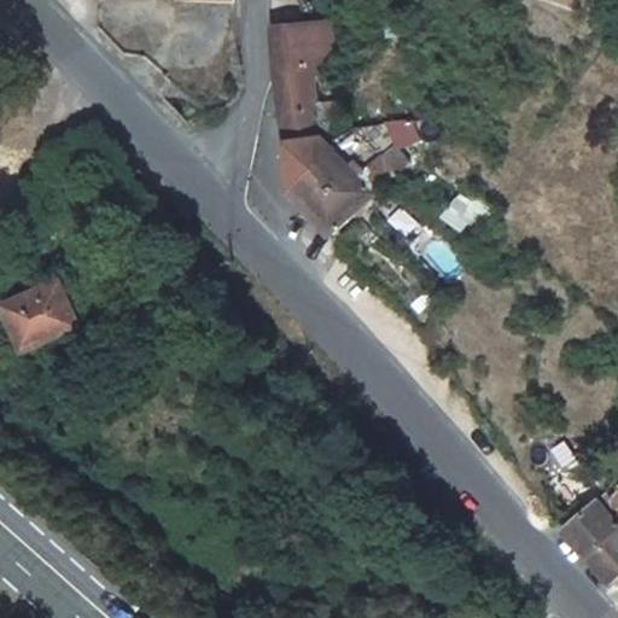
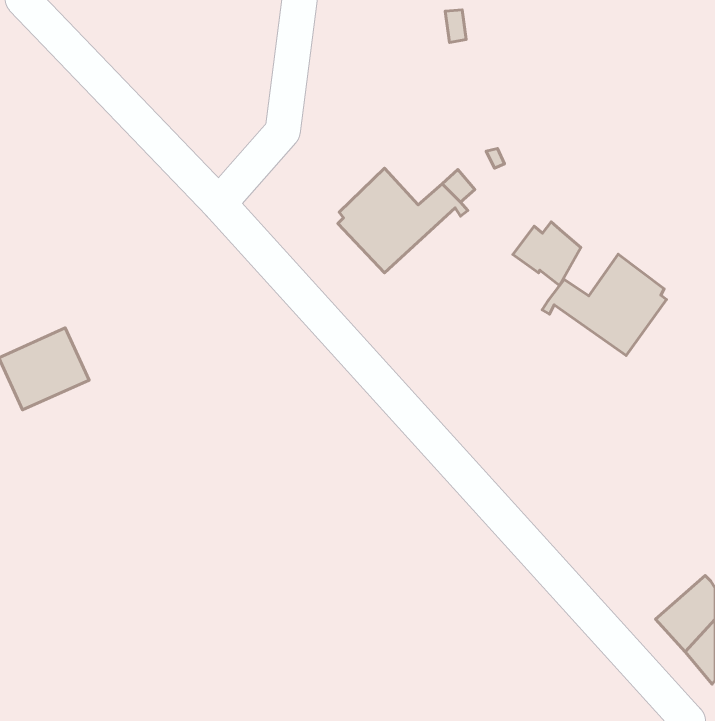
building: [269,21,328,181] -> none
building: none -> [542,254,667,355]

